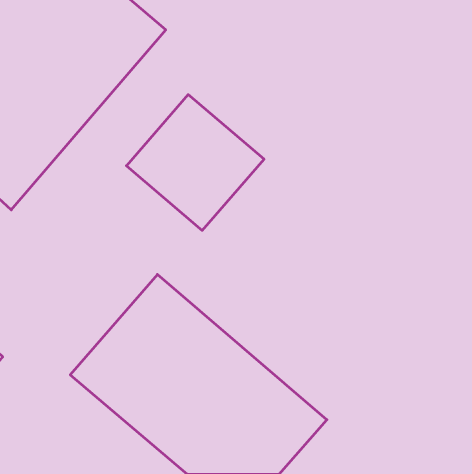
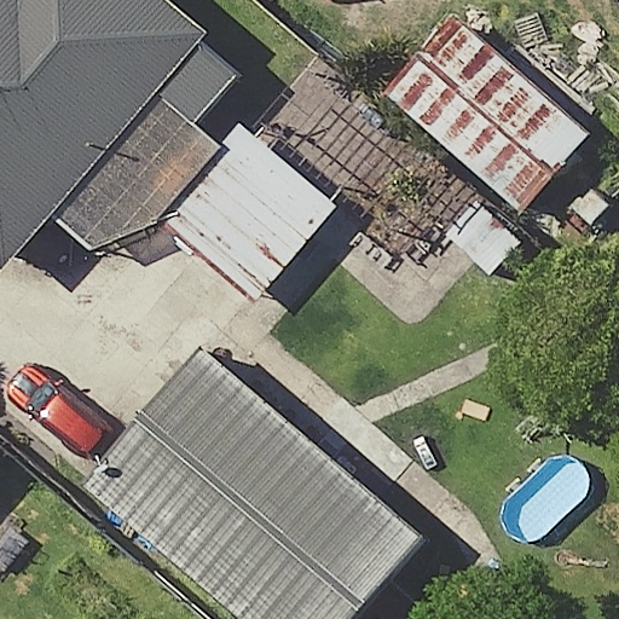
building: none -> [388,19,589,210]

